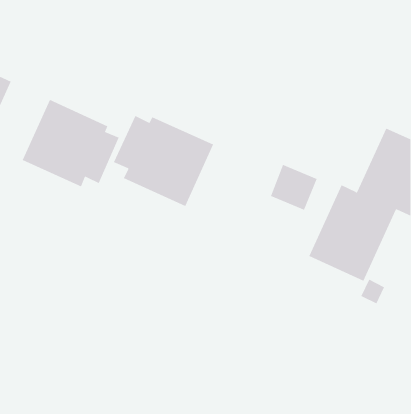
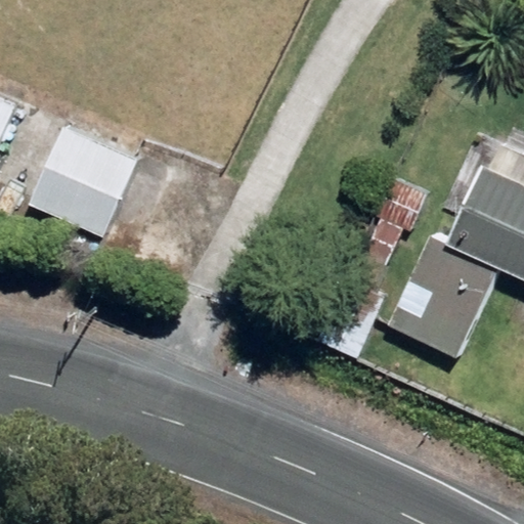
building: [113,115,214,207] -> none

